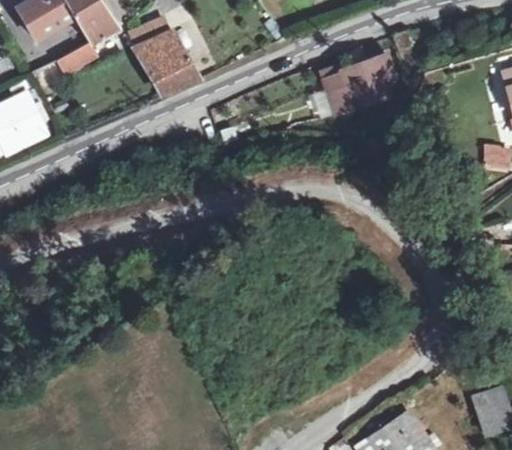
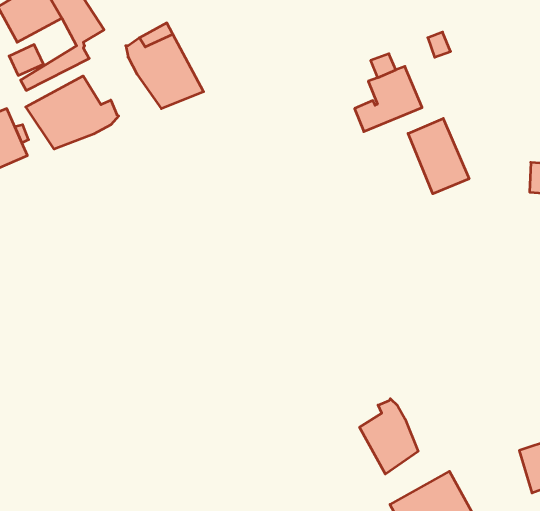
building: none -> [26,76,119,149]
building: none -> [408,118,469,194]
building: none -> [360,399,418,474]

